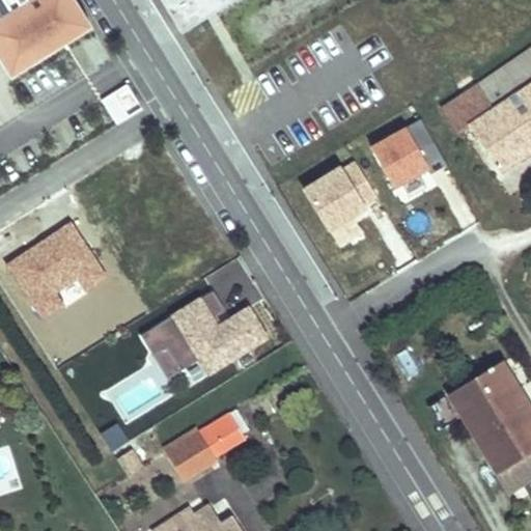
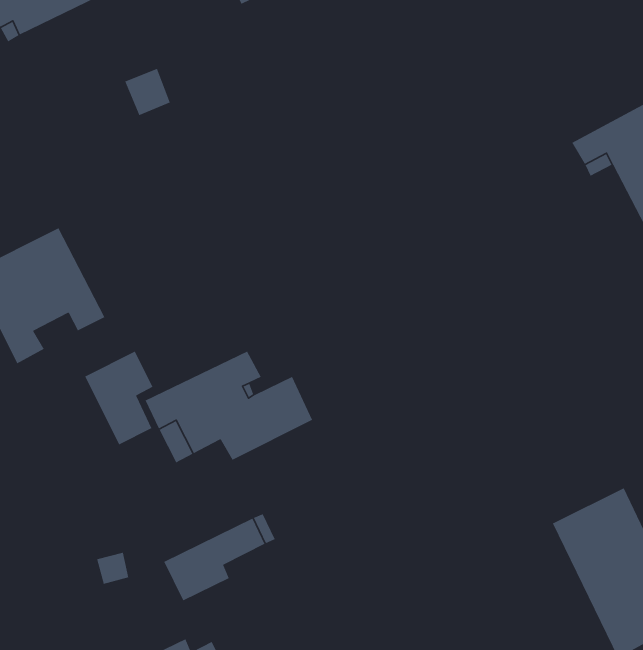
building: [374,119,449,188] -> none
building: [304,161,376,229] -> none
building: none -> [84,351,153,446]

